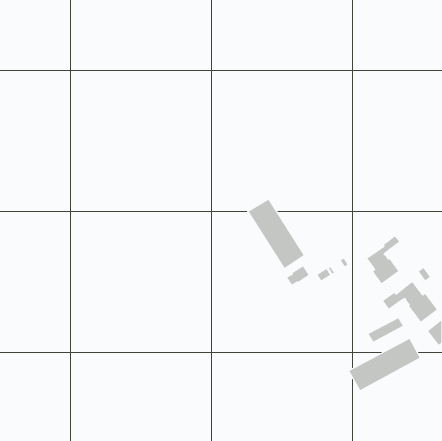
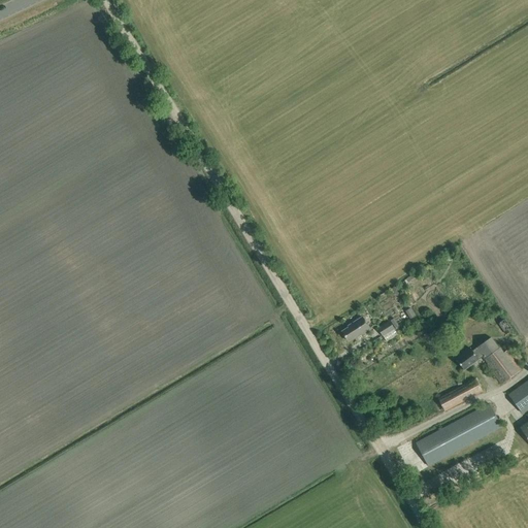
building: [248,199,305,269] -> none
building: [367,235,400,284] -> none

